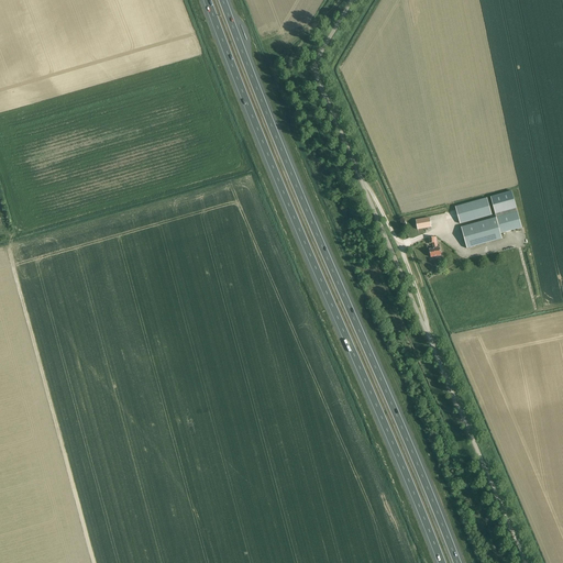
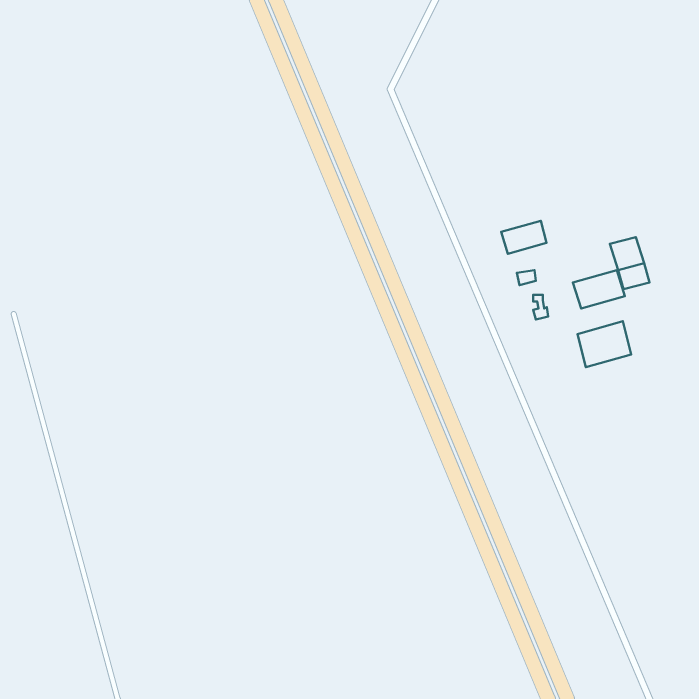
building: [454,197,490,223] -> [501,221,546,254]
building: none -> [578,321,631,367]

